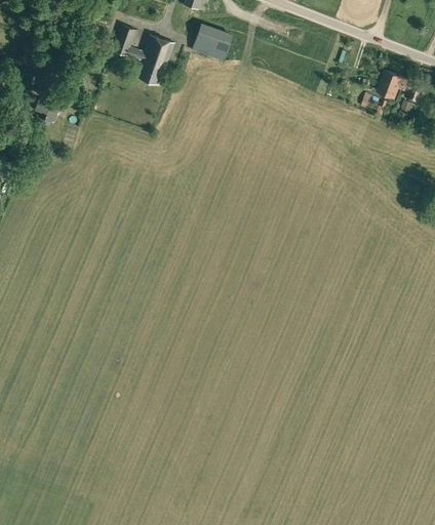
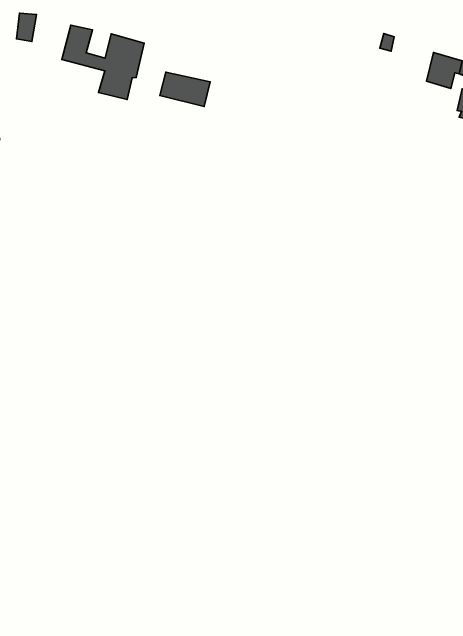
building: [192,33,230,60] -> [160,72,210,106]

